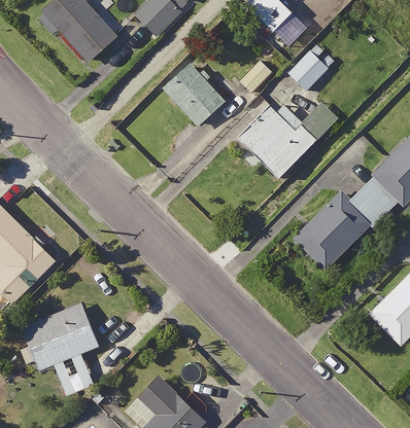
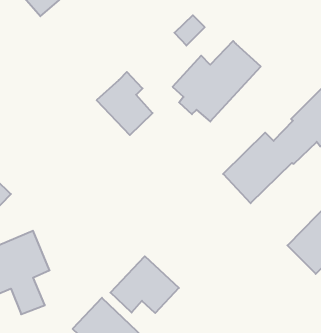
building: [288,50,330,92] -> none
building: [161,56,224,127] -> [97,72,153,135]
building: none -> [110,256,179,313]

